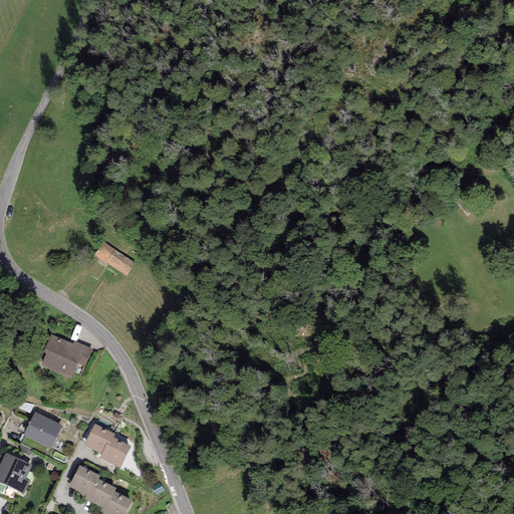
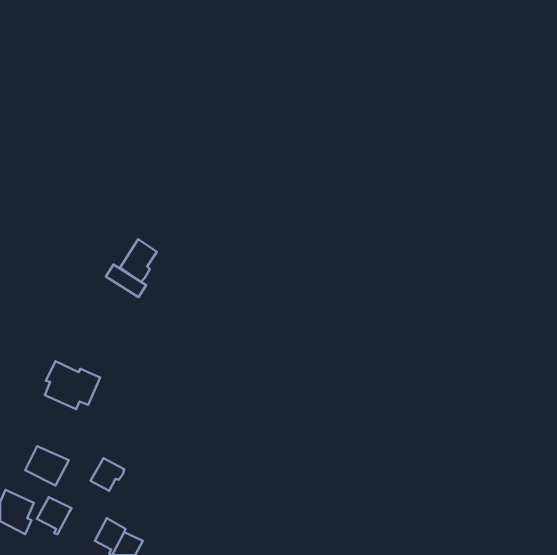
building: none -> [120,239,157,282]
building: [99,437,131,467] -> none
building: [68,465,100,499] -> [37,497,72,534]

